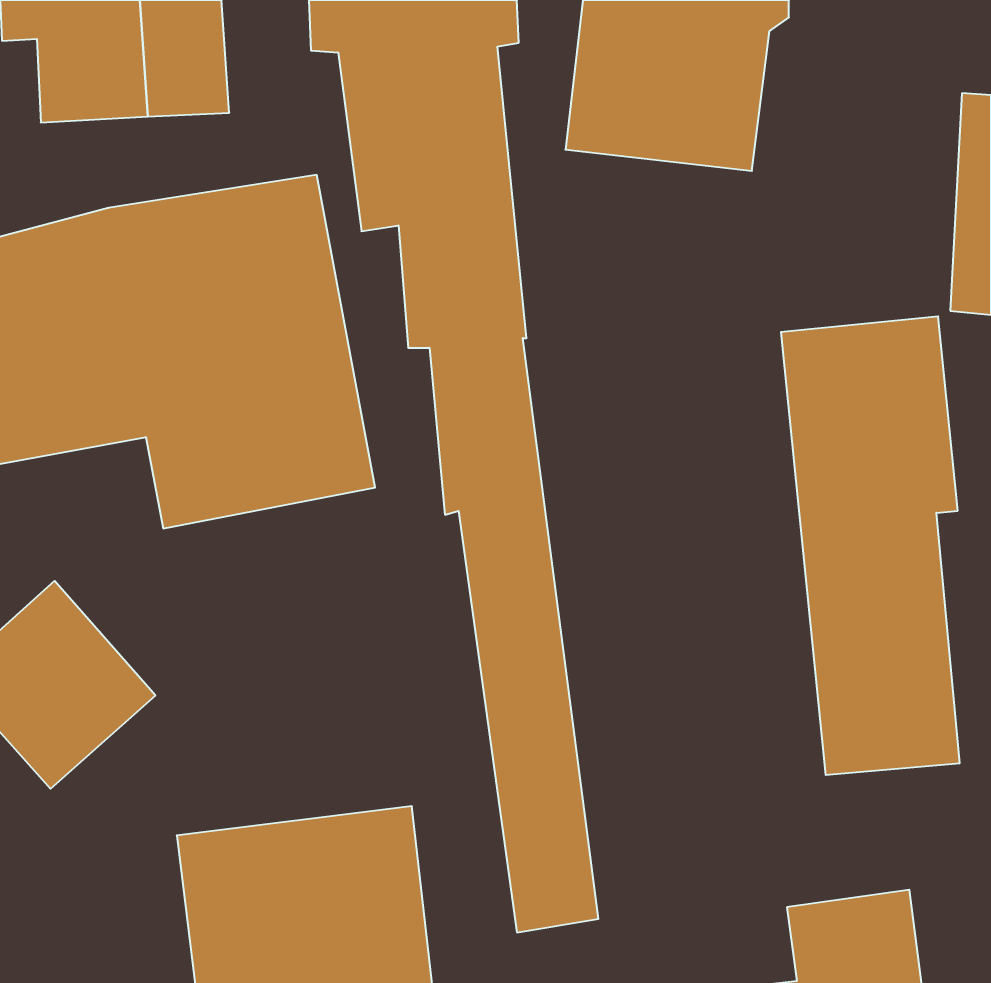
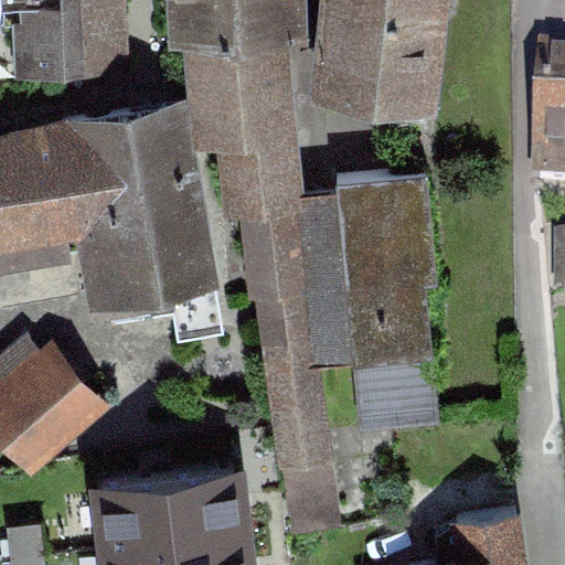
building: [781,316,960,775] -> [338,171,439,431]

